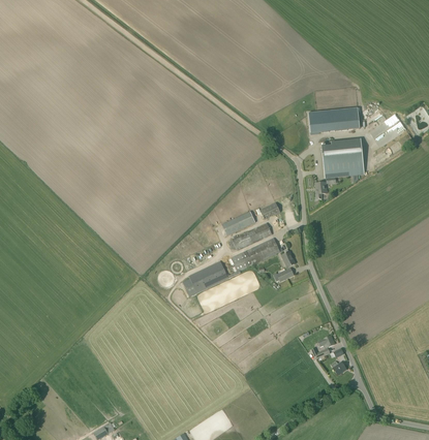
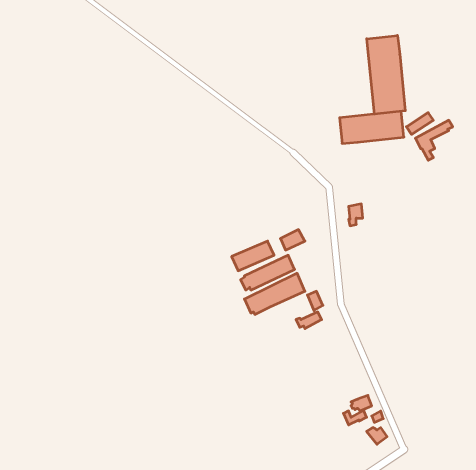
building: none -> [367,35,405,114]
building: [321,144,364,179] -> none
building: [188,261,241,293] -> none

